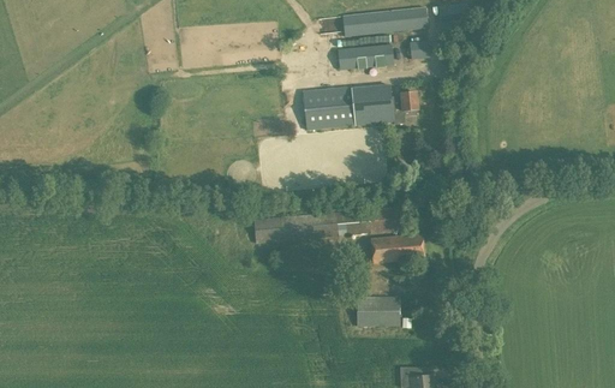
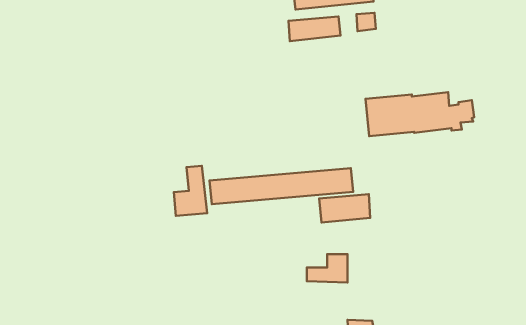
building: [301,83,417,130] -> [366,92,474,136]
building: none -> [174,166,207,216]

